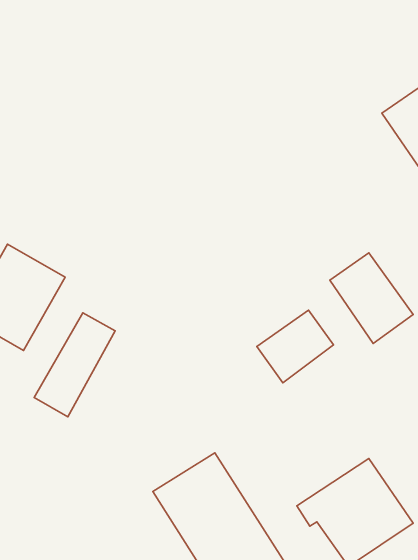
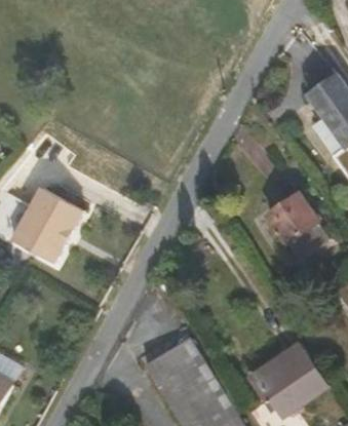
building: [257,310,333,383] -> none
building: [34,313,115,417] -> none

